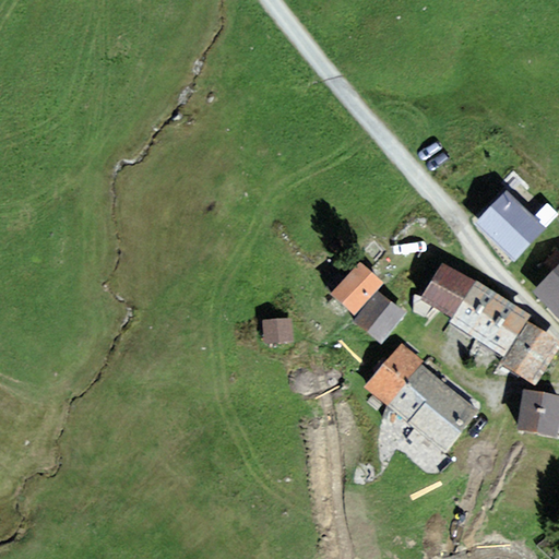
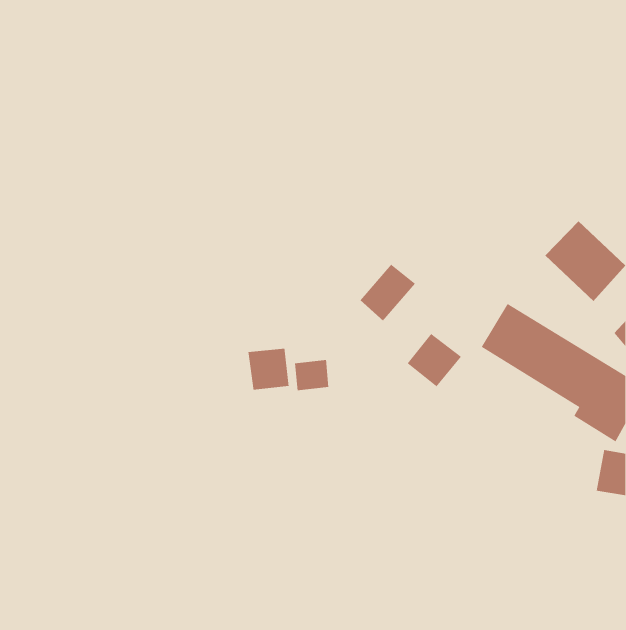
building: [333,262,382,312] -> [359,264,416,321]
building: none -> [248,348,289,391]
building: [361,344,479,450] -> none

